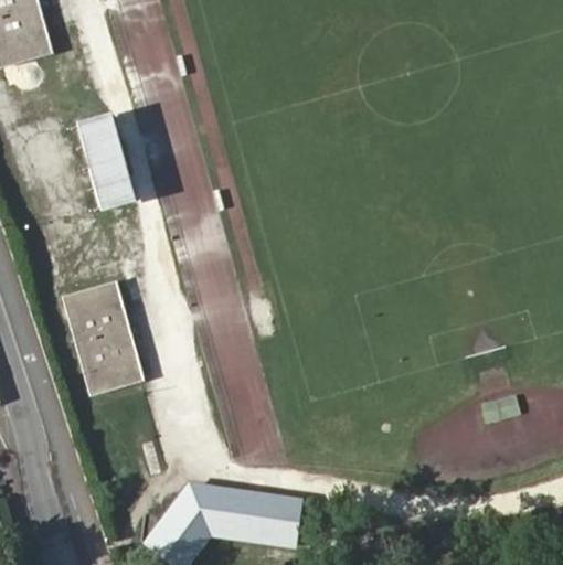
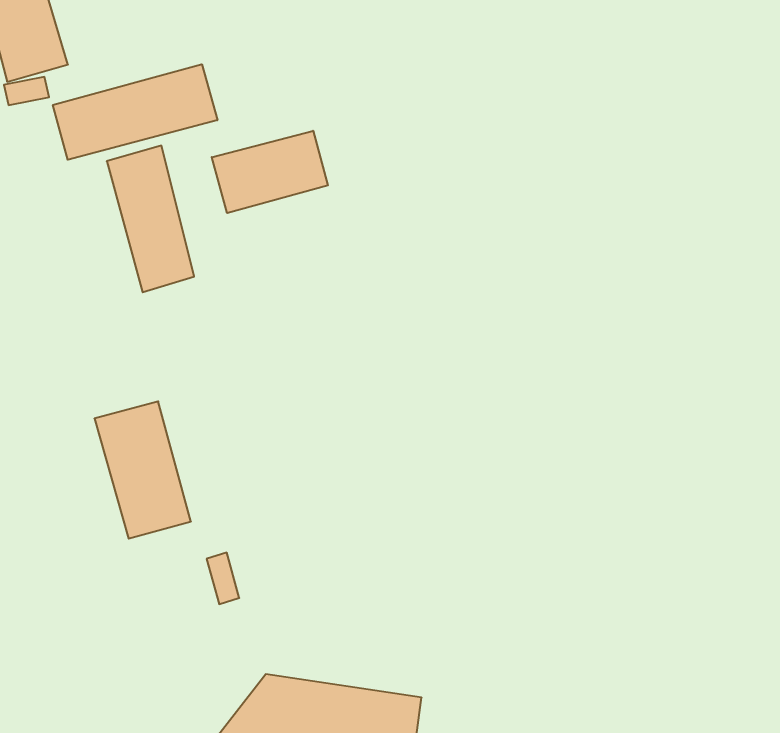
building: none -> [53,64,217,160]
building: none -> [212,131,328,213]

